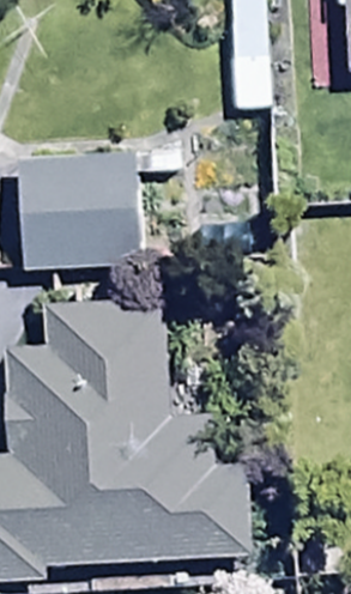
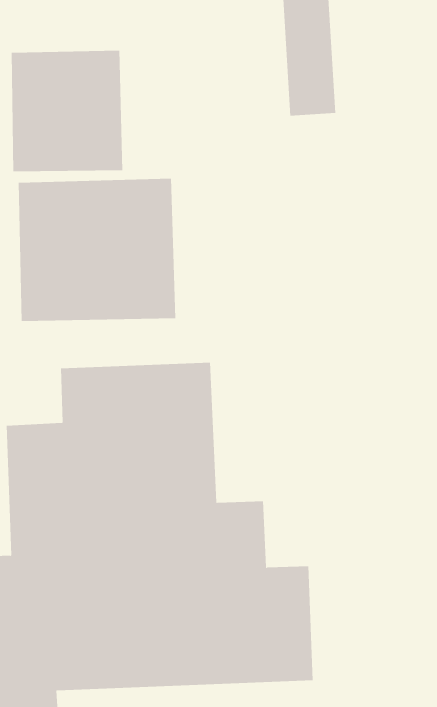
building: none -> [11,50,123,172]

